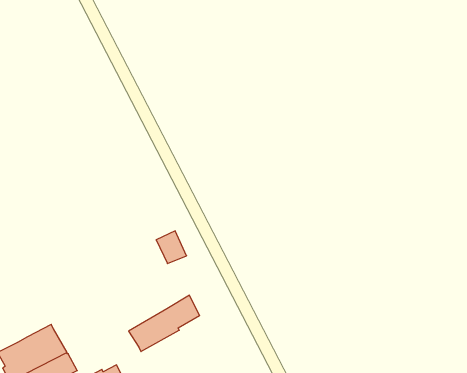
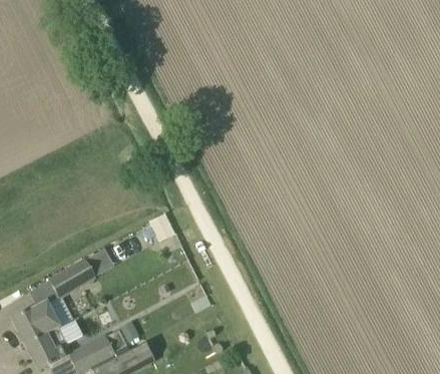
building: [129,295,200,352] -> [50,248,113,298]

